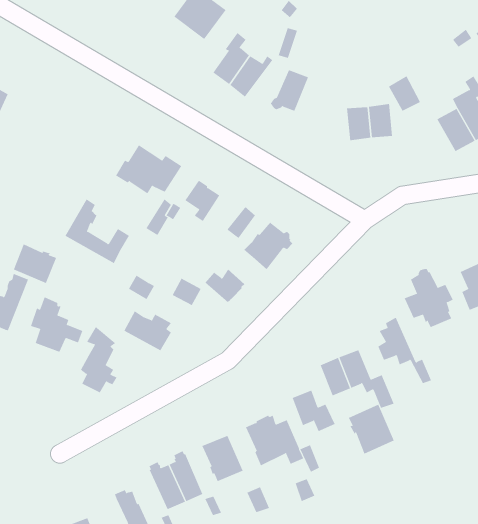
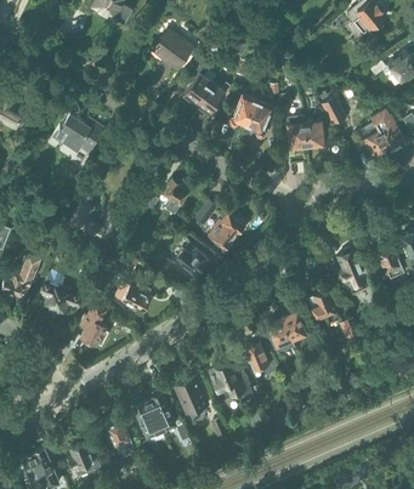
building: none -> [248,93,273,136]
building: [115,144,182,194] -> [52,113,104,152]
building: [13,244,57,284] -> none
building: [348,404,394,455] -> none

